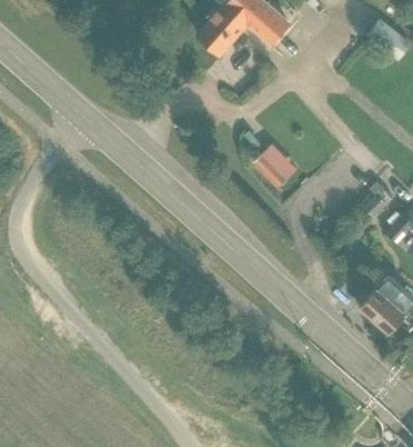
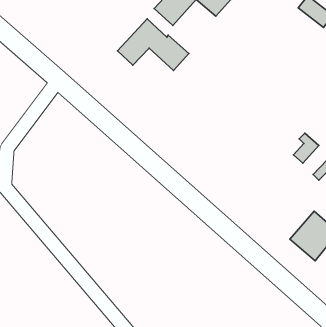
building: none -> [117,19,189,70]
building: [253,147,299,190] -> none

